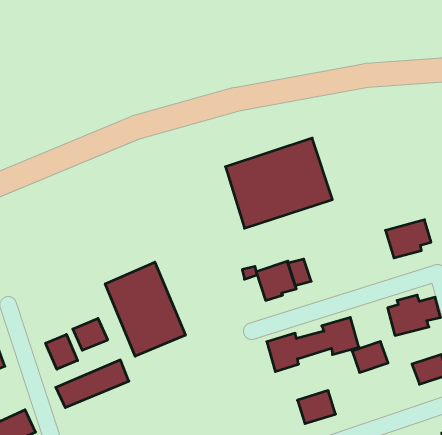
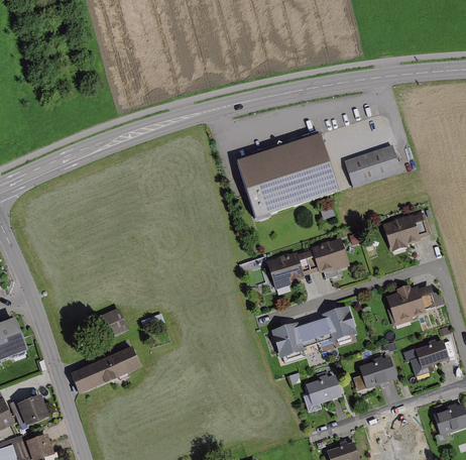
building: none -> [341,144,398,188]
building: none -> [308,238,346,272]
building: [105,262,185,356] -> none
building: [46,334,78,369] -> none
building: [352,342,388,372] -> [363,357,397,386]

